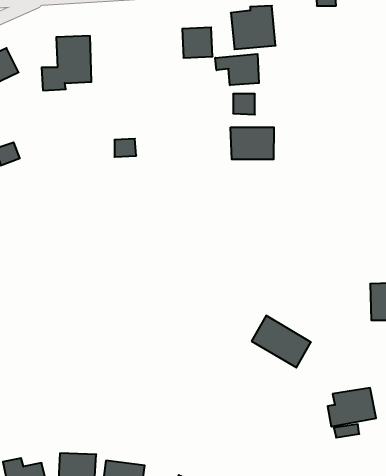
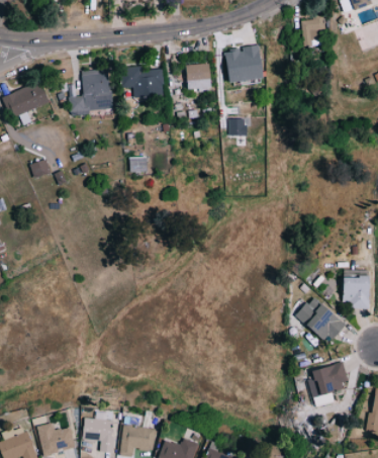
building: none -> [121,67,165,98]
building: [215,54,259,85] -> none
building: [231,127,274,159] -> none
building: [252,316,311,368] -> [297,298,347,342]

